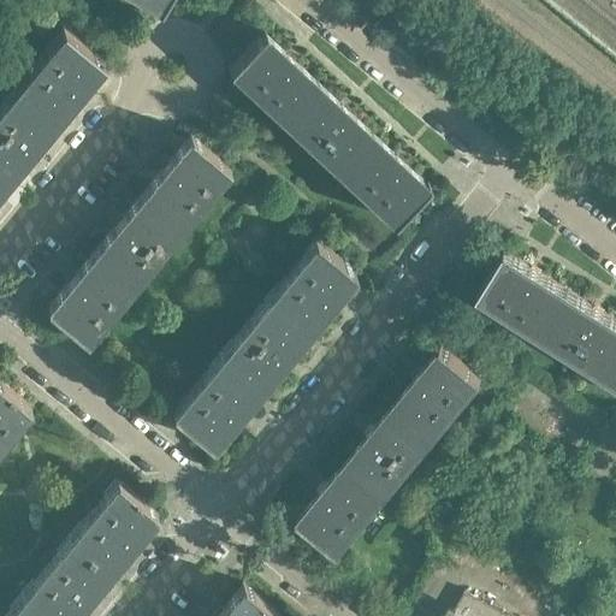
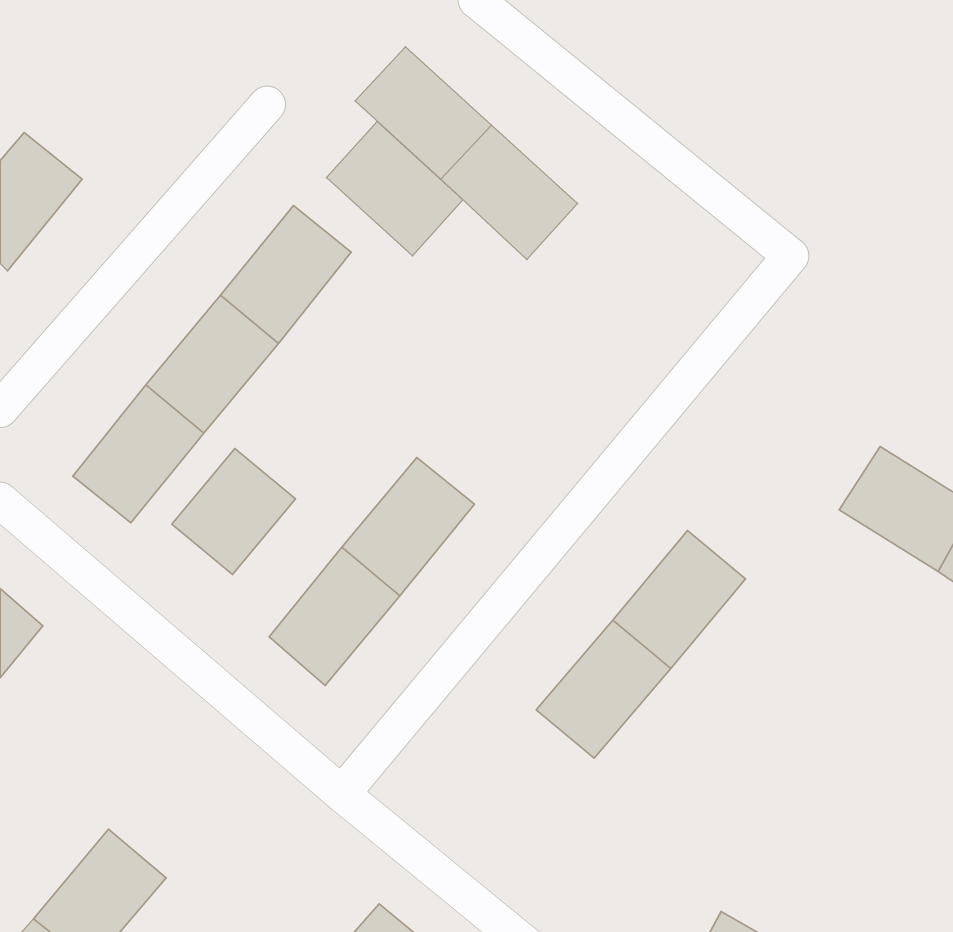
building: [17,42,101,130] -> none
building: [340,146,428,232] -> [327,121,463,256]
building: [270,251,354,339] -> none
building: [478,262,568,343] -> none
building: none -> [172,448,296,574]
building: [298,472,384,561] -> none
building: [71,491,155,580] -> none

